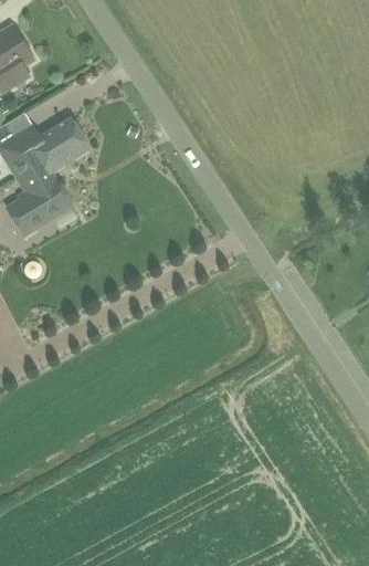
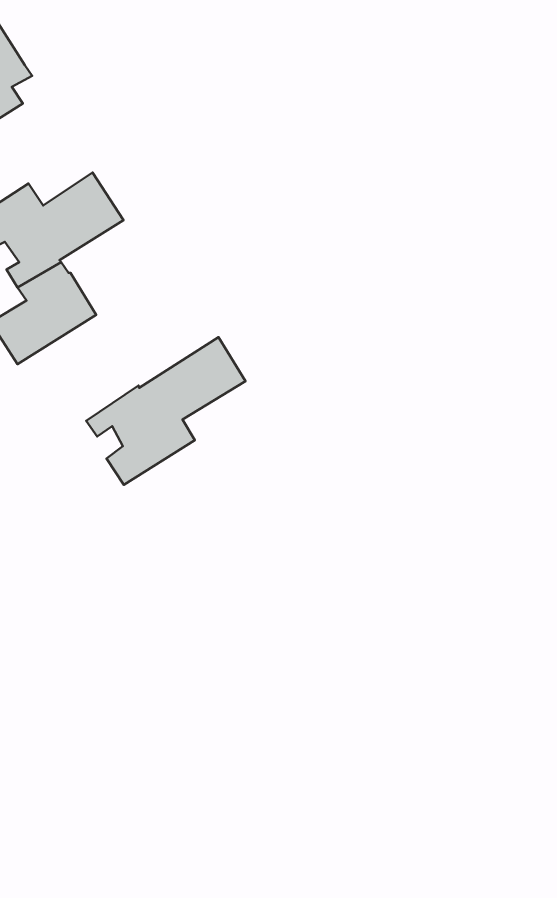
building: none -> [86,337,245,485]

